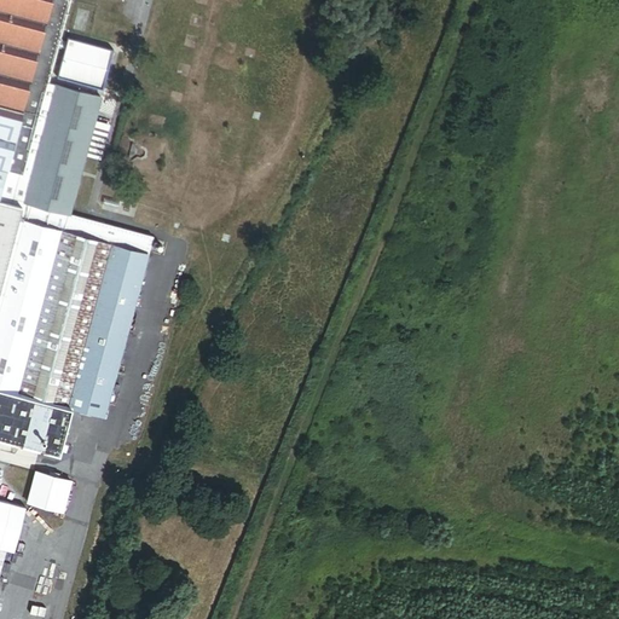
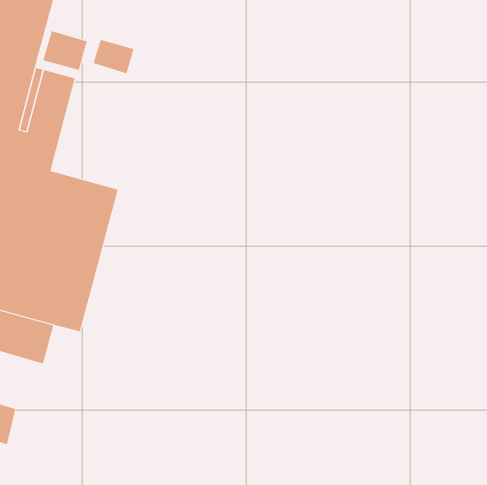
building: none -> [93,39,134,74]
building: [28,473,70,511] -> none

